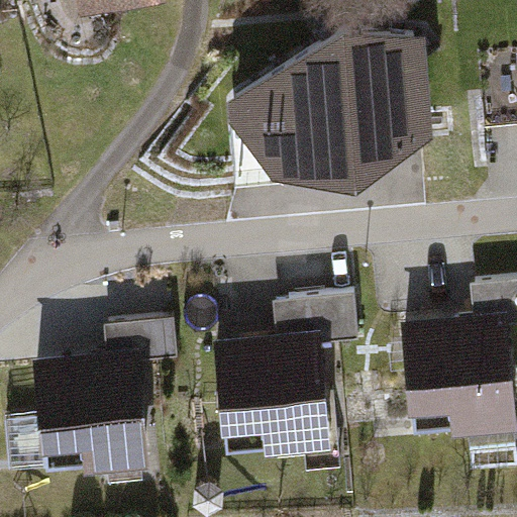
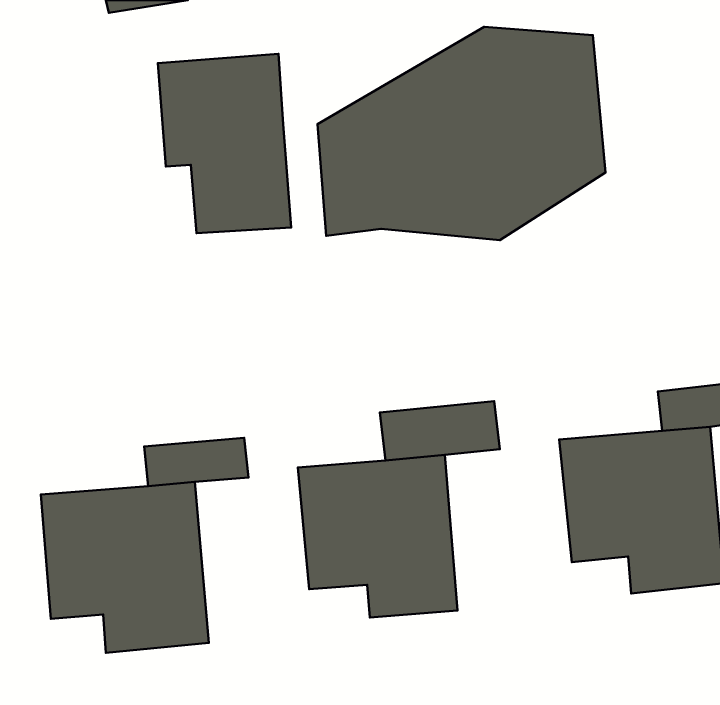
building: none -> [158,54,291,233]

